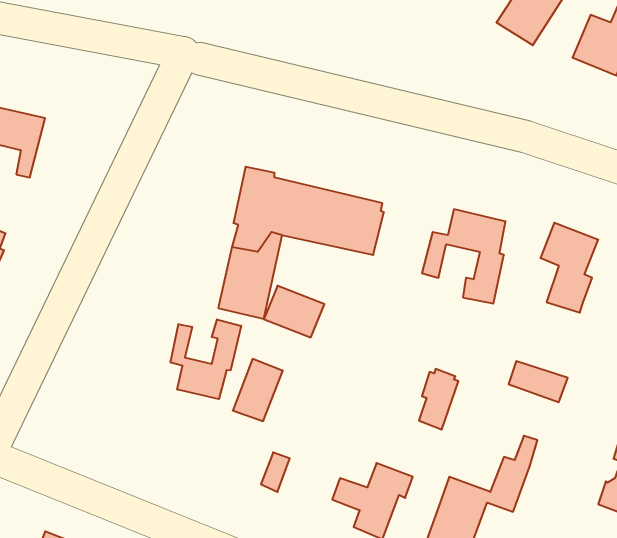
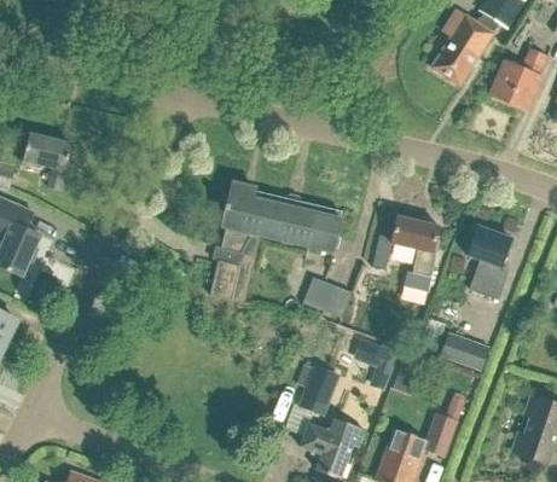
building: [264,286,324,337] -> [302,275,350,317]
building: [171,319,241,399] -> none
building: [233,359,283,421] -> [297,364,337,413]

